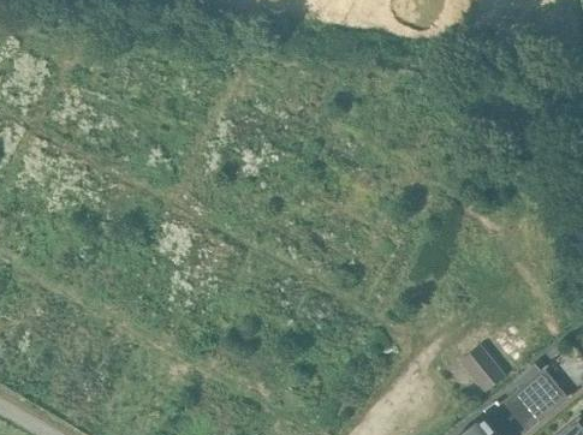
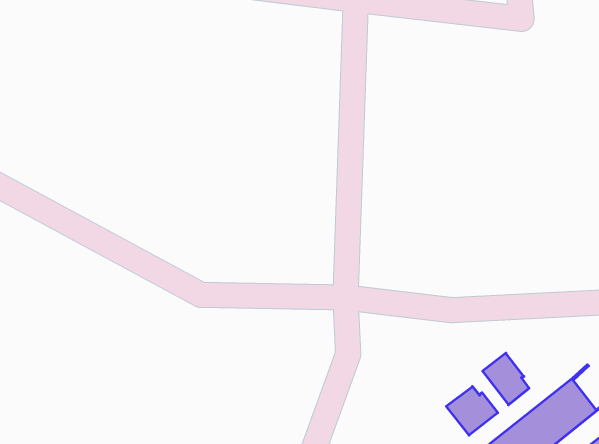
building: none -> [446,386,498,435]

